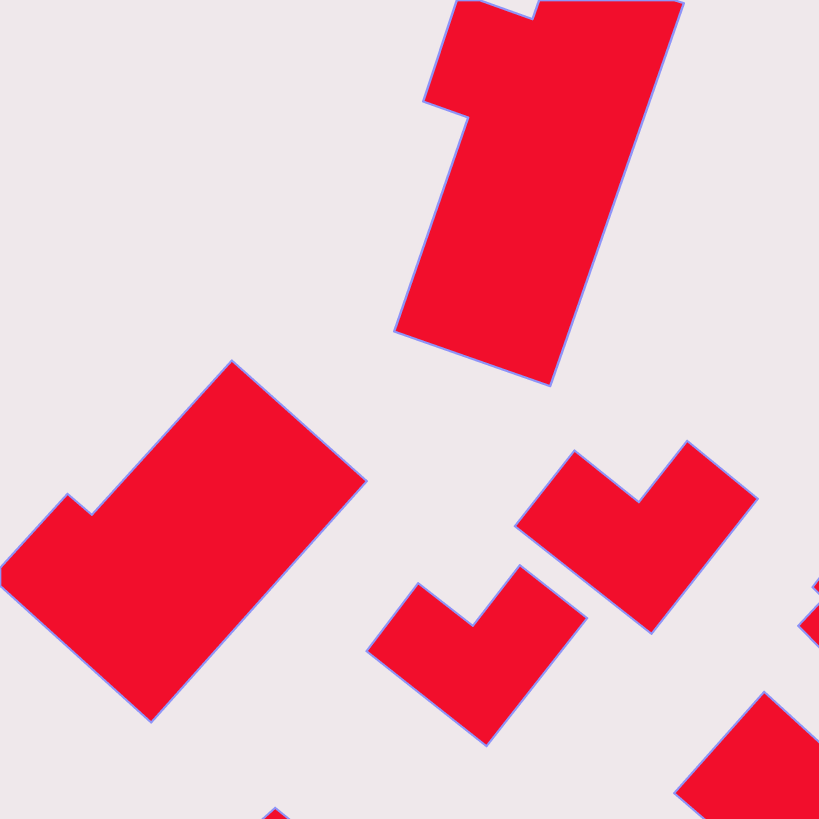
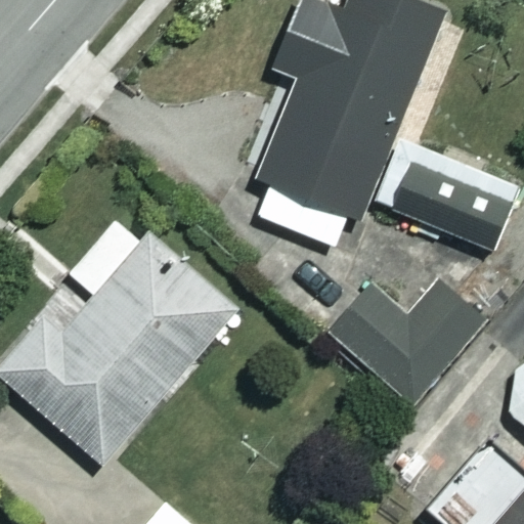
building: none -> [373,136,516,247]
building: [366,565,587,746] -> none

